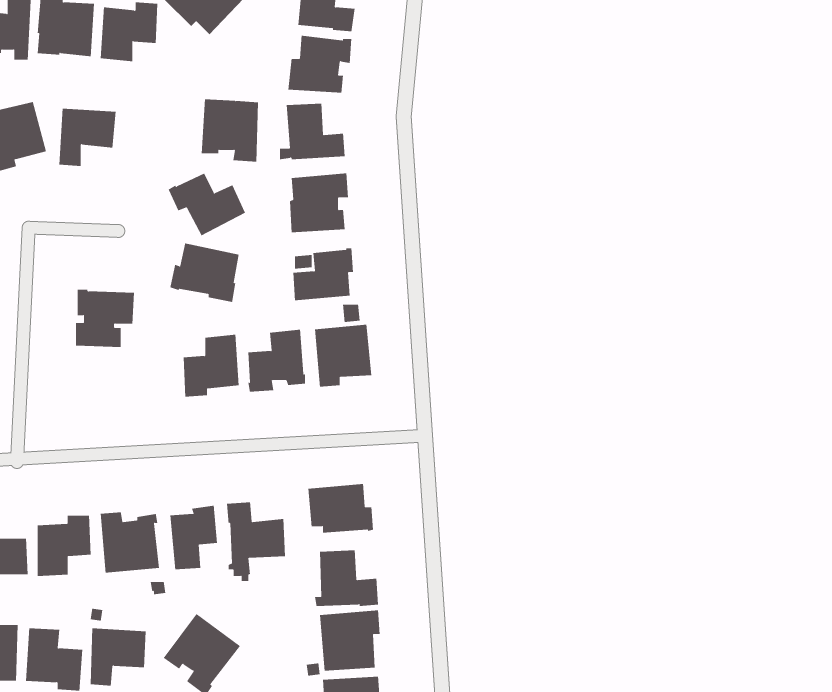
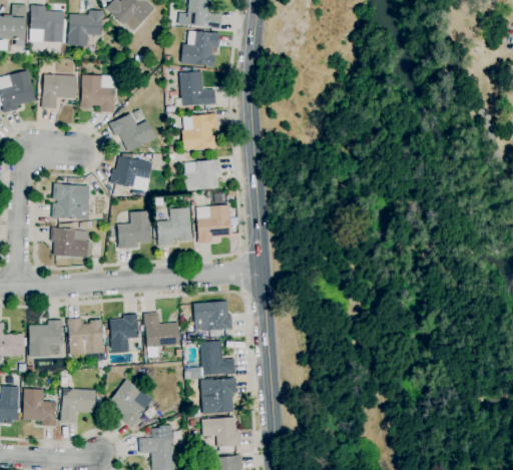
building: [201,99,259,162] -> [81,74,116,112]
building: none -> [51,222,92,258]

